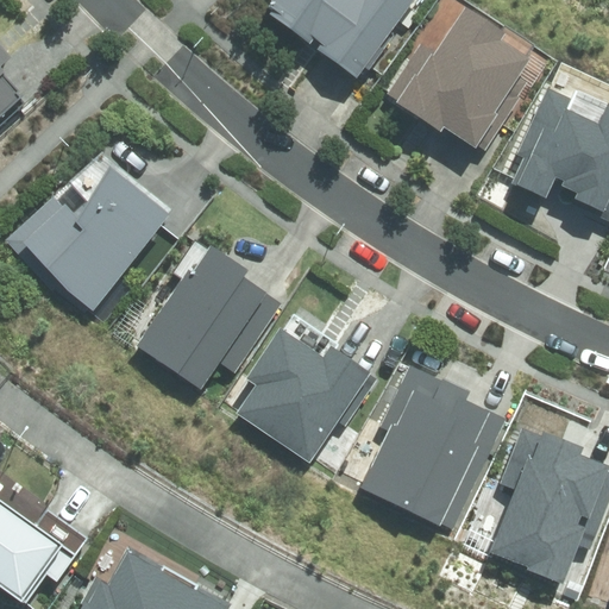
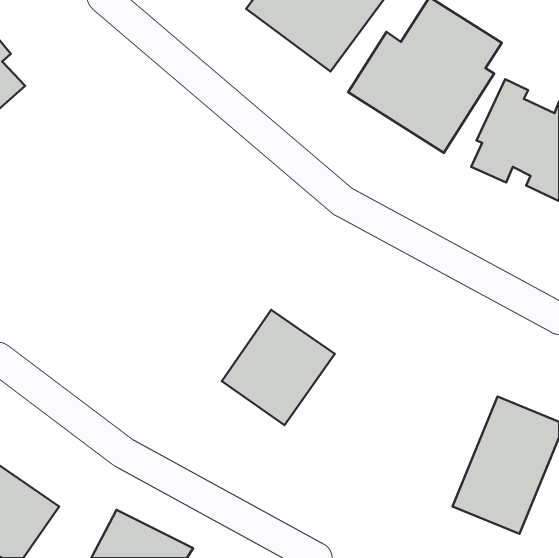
building: [13,168,170,313] -> none
building: [134,243,278,393] -> none
building: [365,370,507,529] -> none

